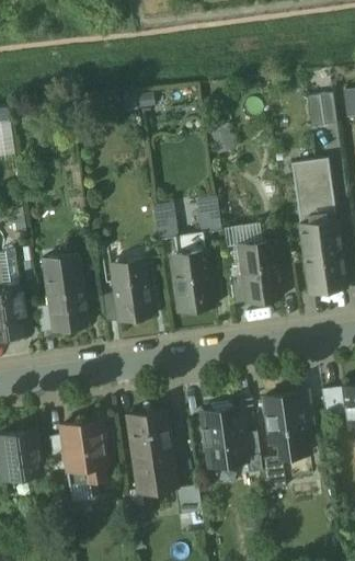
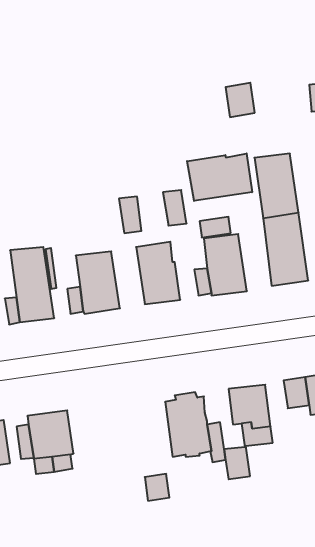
building: [307,93,336,128] -> [226,83,255,117]
building: none -> [187,153,252,201]
building: [128,413,175,488] -> none

